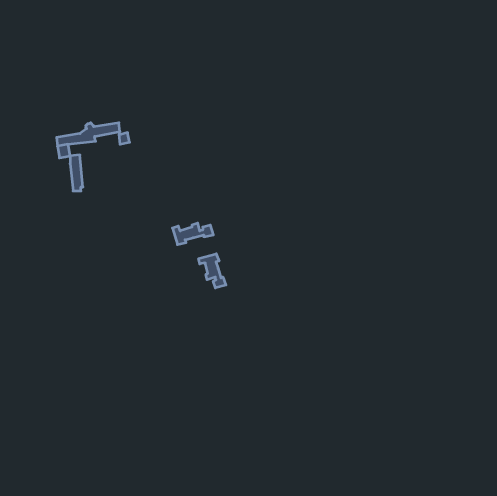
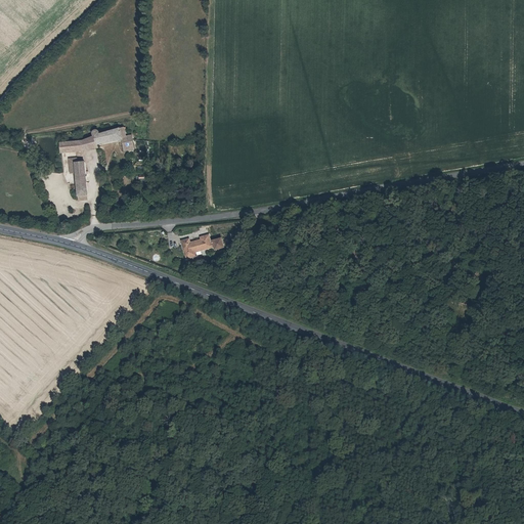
building: [199,254,226,288] -> none

